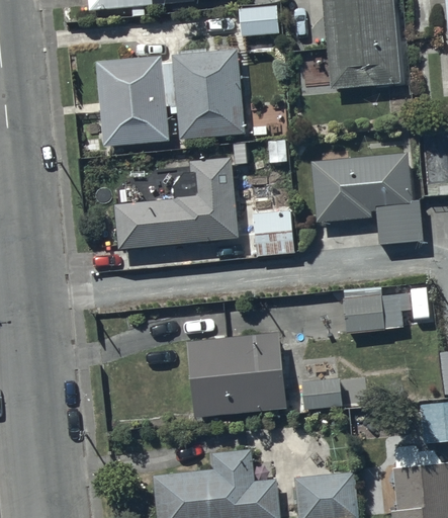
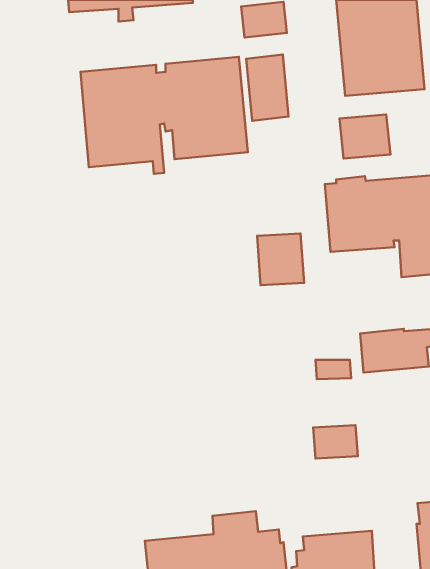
building: none -> [246,54,289,121]
building: none -> [339,115,390,159]
building: [114,160,238,250] -> none
building: [186,329,285,413] -> none

